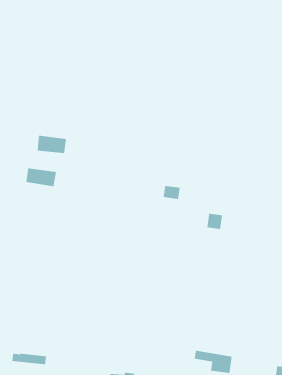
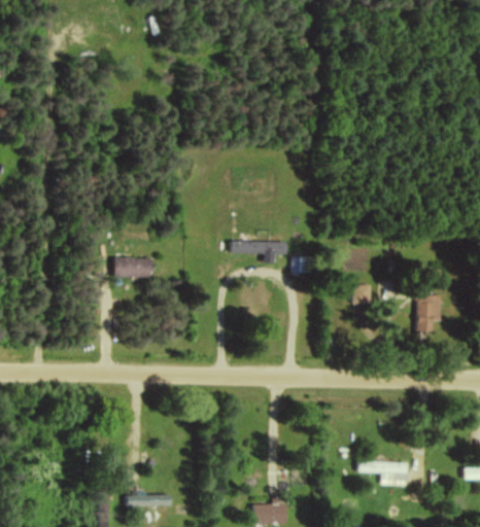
building: [37,135,67,154] -> none
building: none -> [231,241,287,264]
building: none -> [417,296,440,332]

